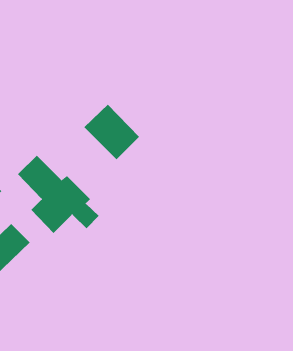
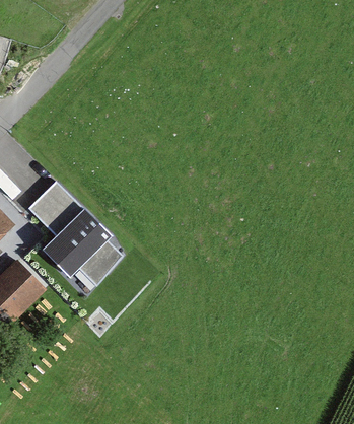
building: [84,104,140,160] -> none

